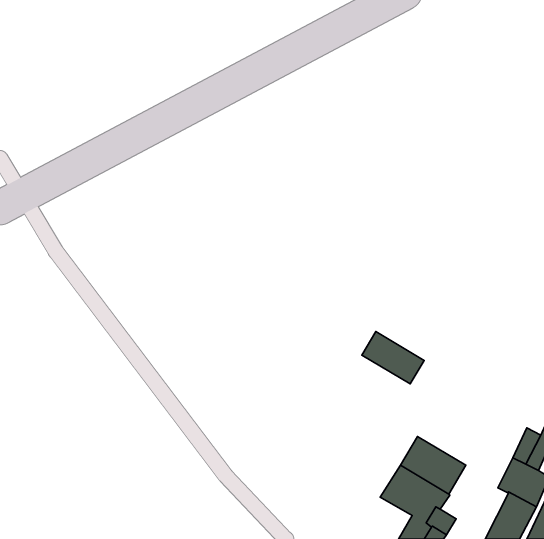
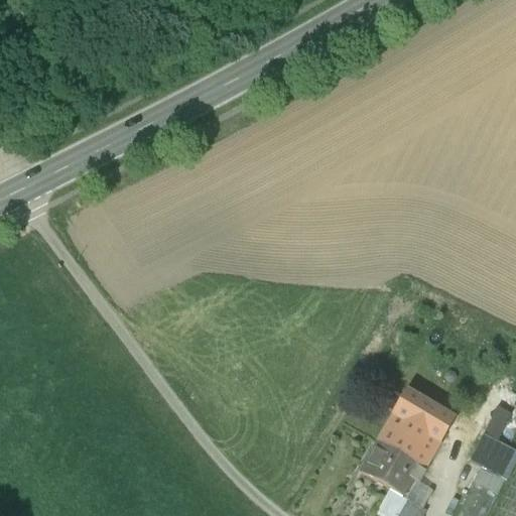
building: [362,332,424,384] -> [396,389,455,438]

